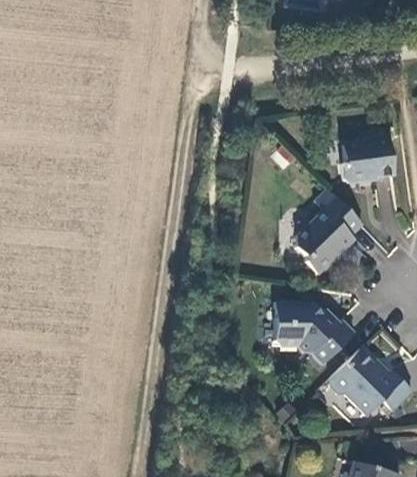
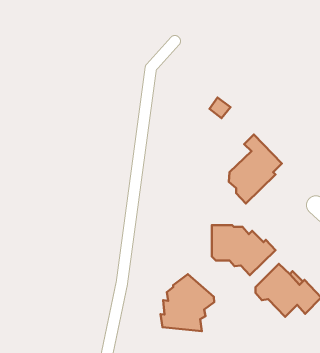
building: [341,134,394,183] -> none
building: none -> [161,274,214,331]

